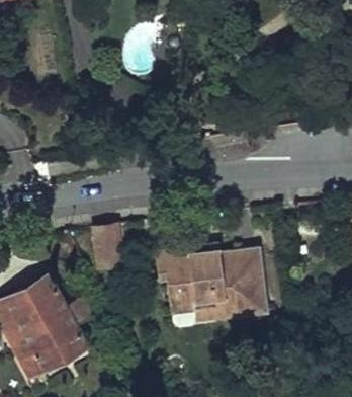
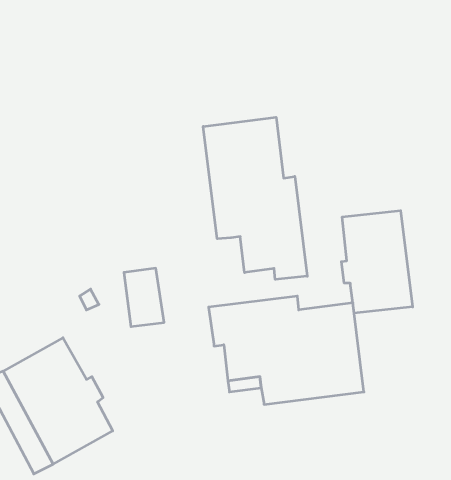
building: none -> [203,117,307,279]
building: none -> [341,211,413,313]

